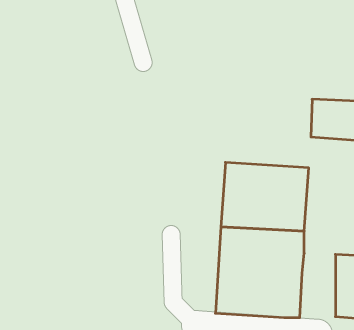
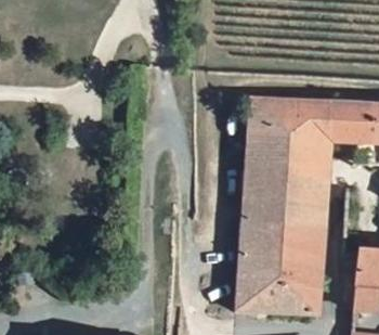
building: none -> [246,101,330,171]

